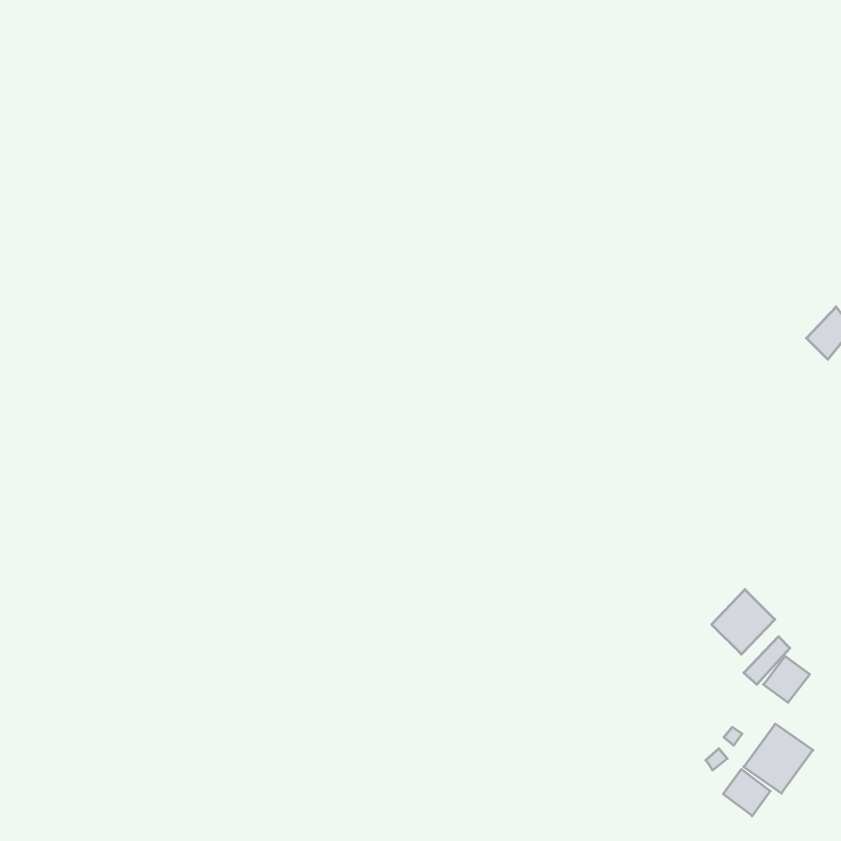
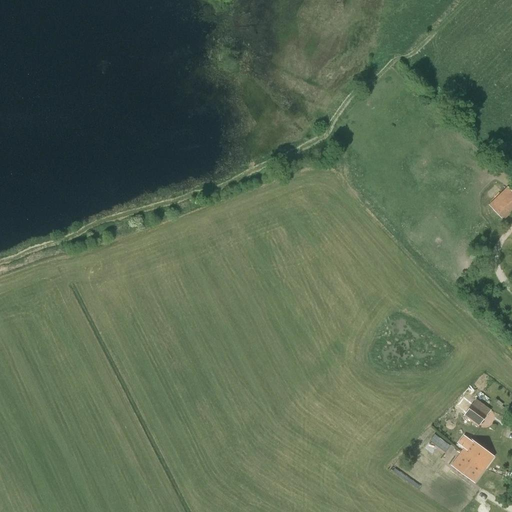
building: [712,589,775,654] -> none
building: [723,769,770,816] -> none

